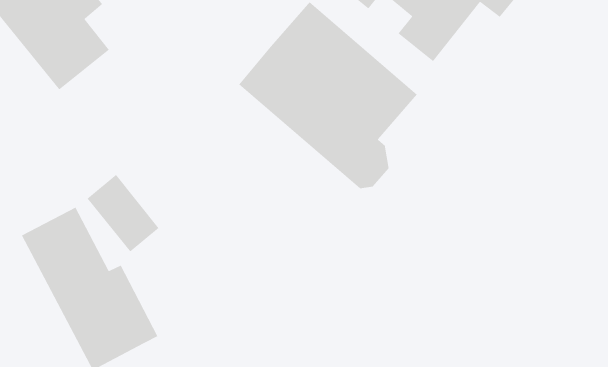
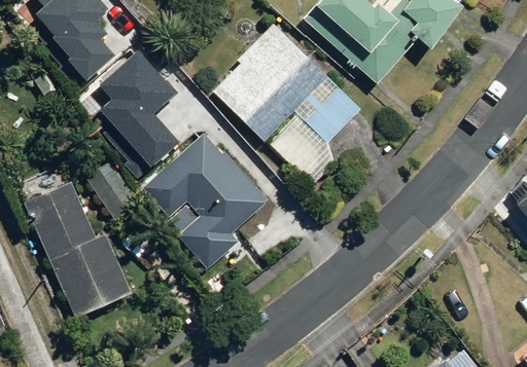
building: none -> [97,50,177,180]
building: none -> [143,133,274,268]

